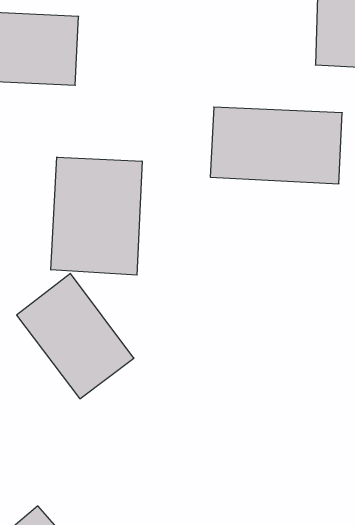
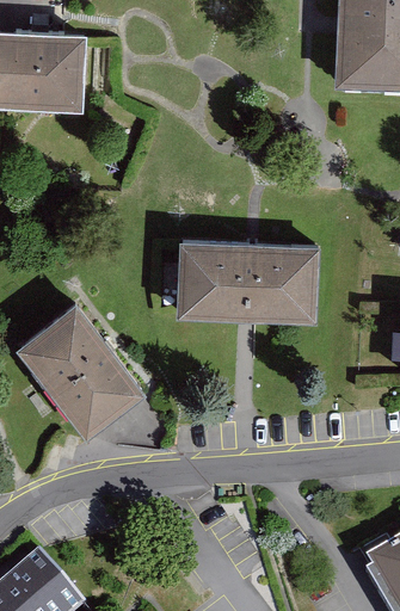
building: [210,107,342,184] -> [177,242,316,323]
building: [51,157,142,275] -> none

